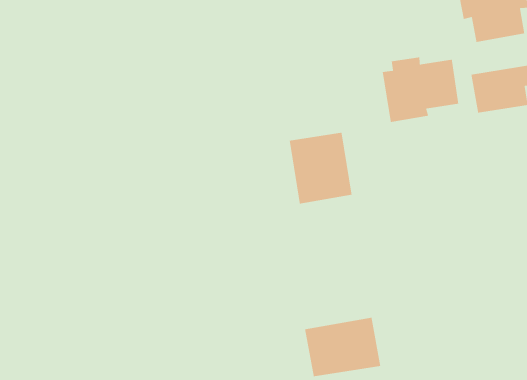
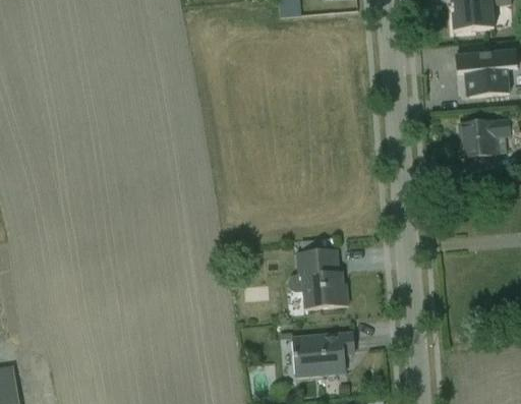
building: [382,57,459,123] -> none
building: [289,132,352,204] -> [296,249,348,310]

